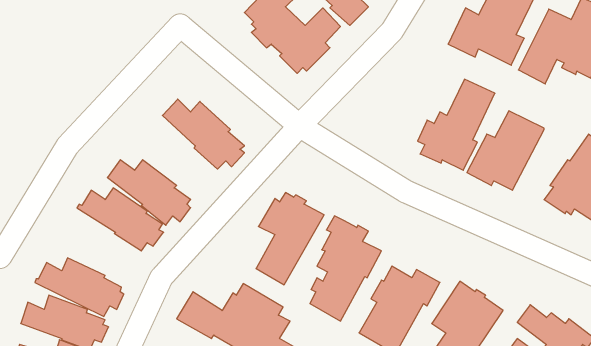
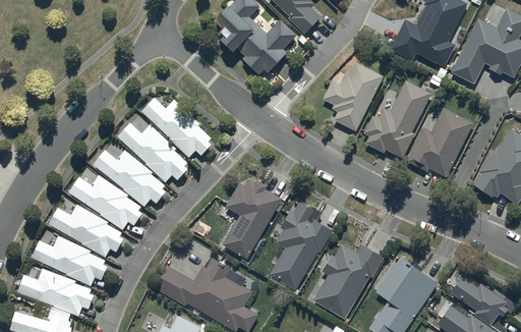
building: none -> [323,62,384,131]
building: none -> [118,122,188,182]
building: none -> [47,204,124,257]

